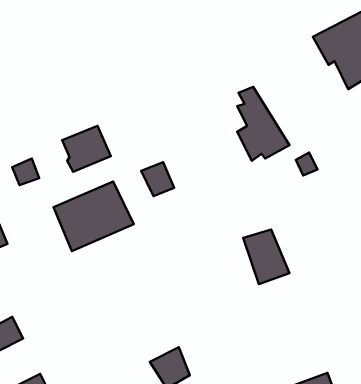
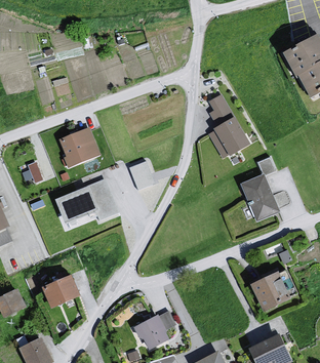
building: [243,229,289,284] -> [239,174,278,220]
building: none -> [251,271,290,313]
building: none -> [43,274,81,308]

